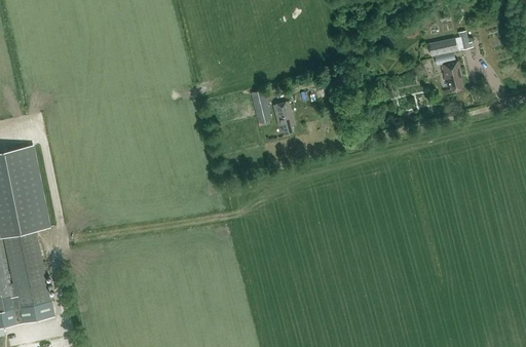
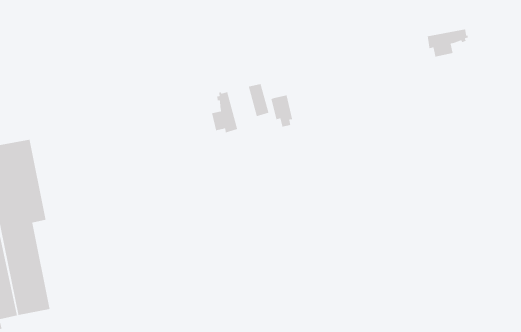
building: [441,62,462,91] -> none
building: none -> [211,91,238,133]

